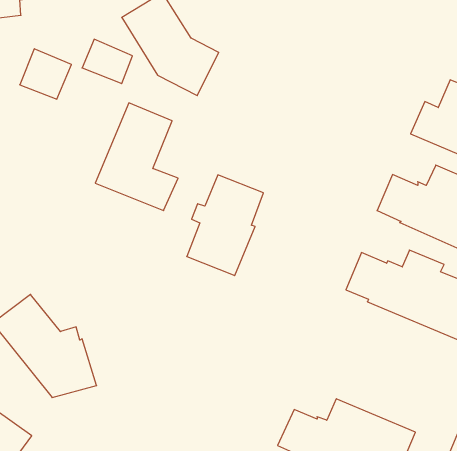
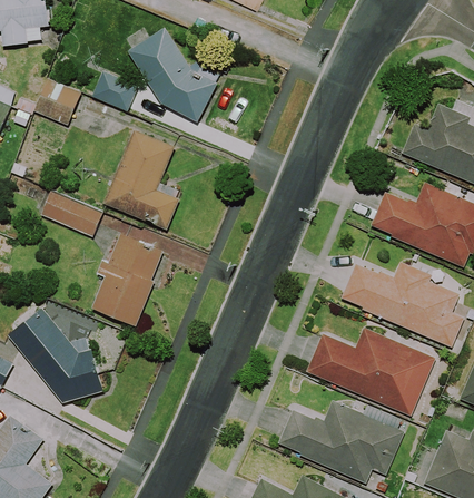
building: none -> [45,188,106,234]
building: [187,175,263,276] -> [96,230,167,323]
building: none -> [304,328,434,418]

